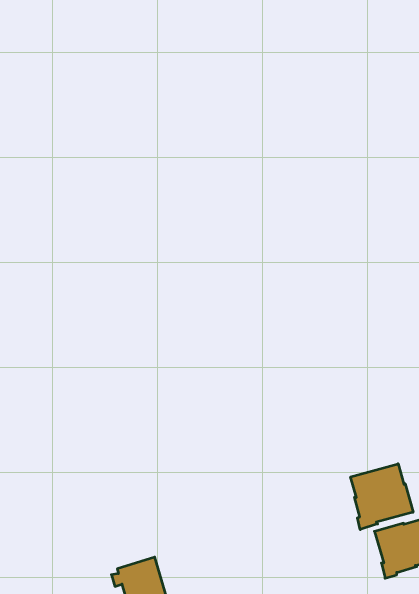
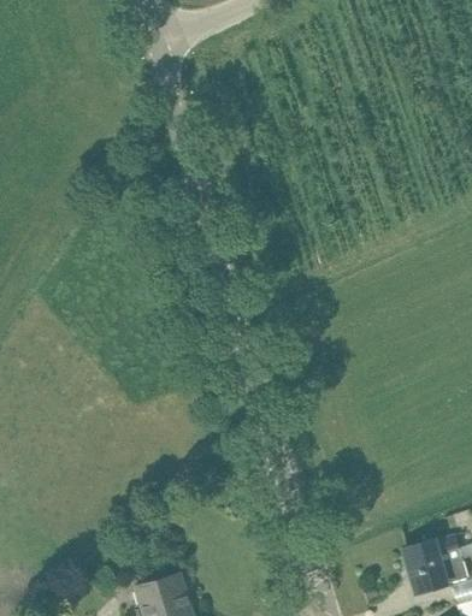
building: [351,464,413,530] -> none

